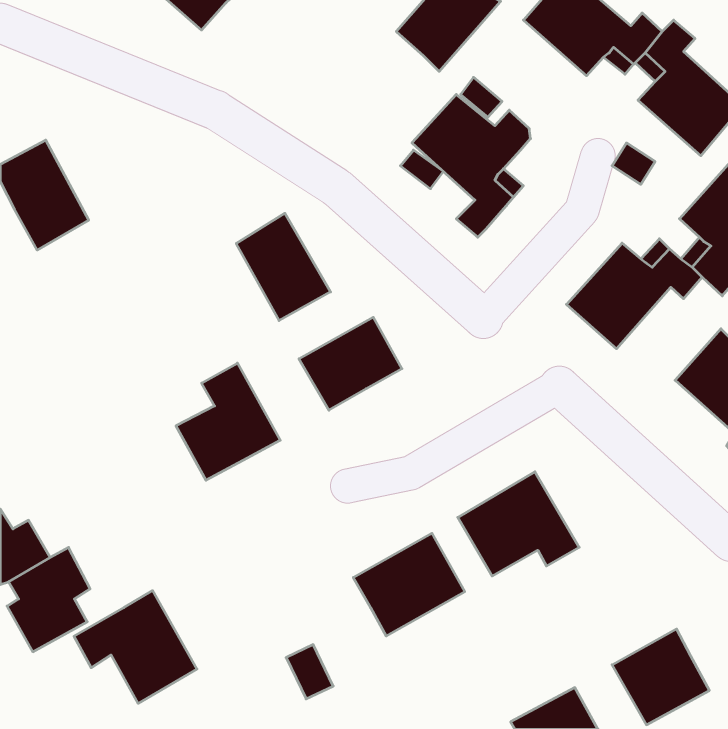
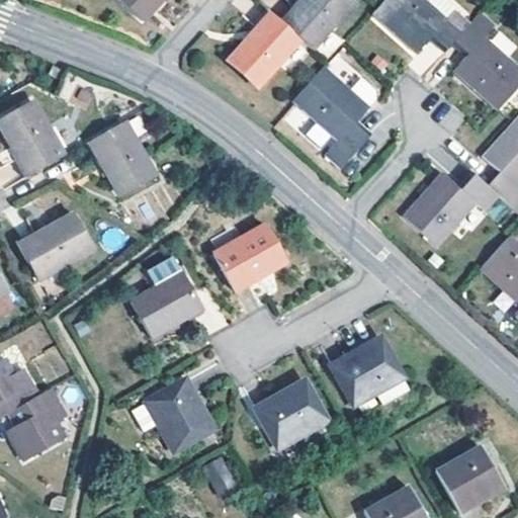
building: none -> [229,12,301,87]
building: [236,213,331,321] -> [90,120,157,196]
building: none -> [17,212,94,280]
building: [74,591,197,703] -> [130,375,217,455]

